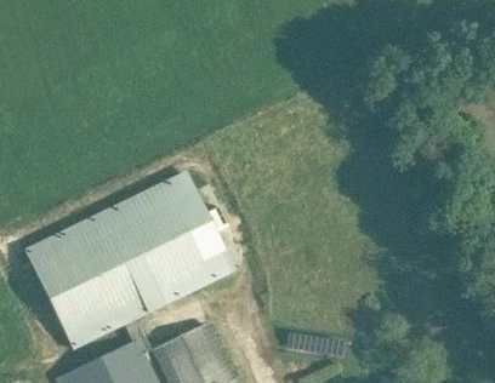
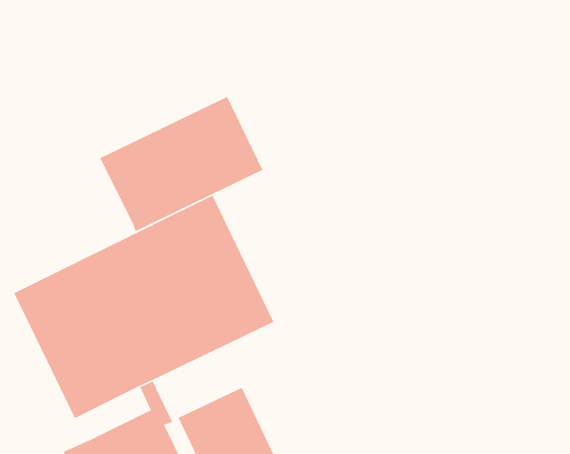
building: none -> [99,96,263,232]

